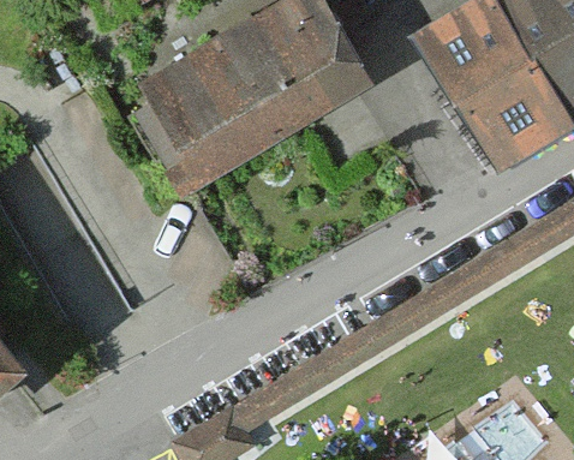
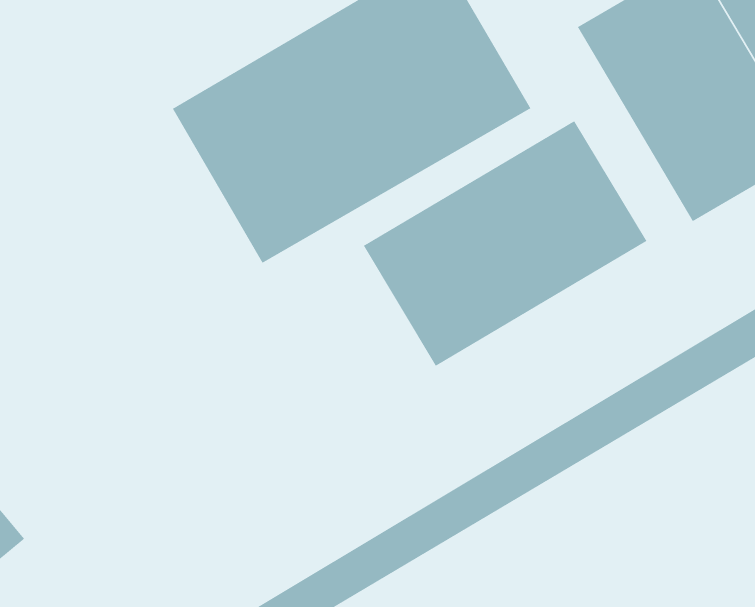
building: none -> [363,120,647,367]

